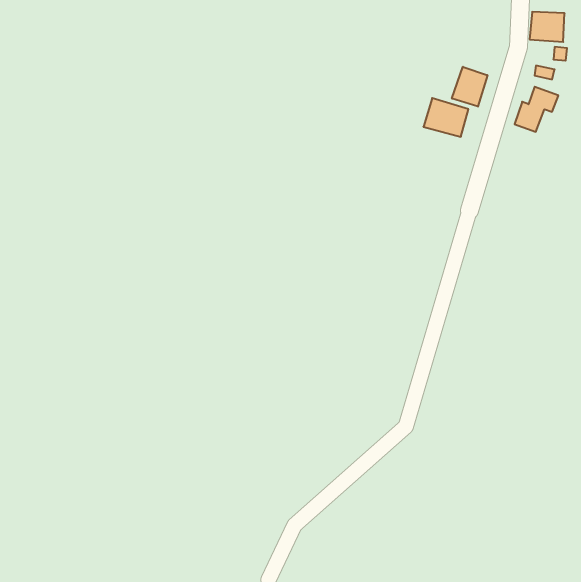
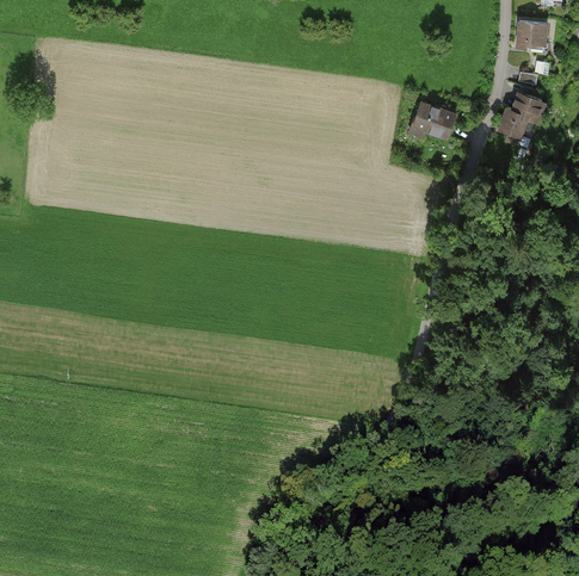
building: [452,67,487,107] -> none

